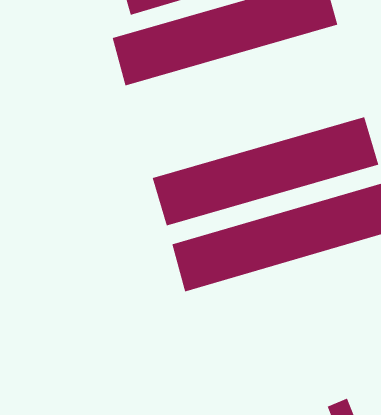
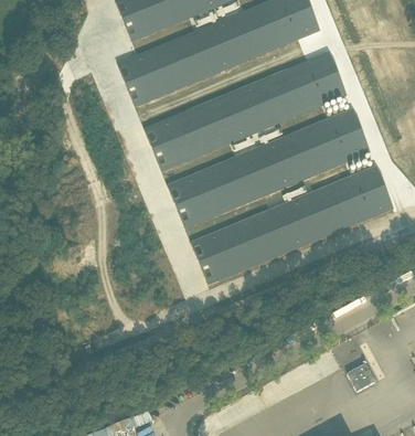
building: none -> [143,52,347,170]

